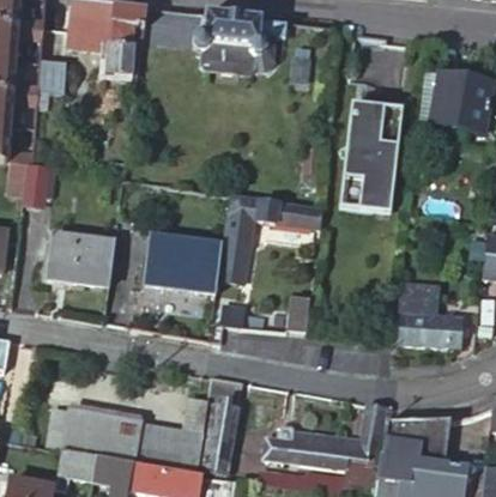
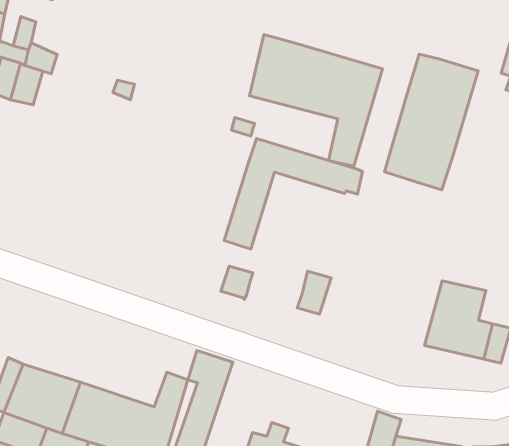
building: none -> [249,35,382,166]
building: [48,231,114,286] -> none
building: [147,235,222,291] -> none

